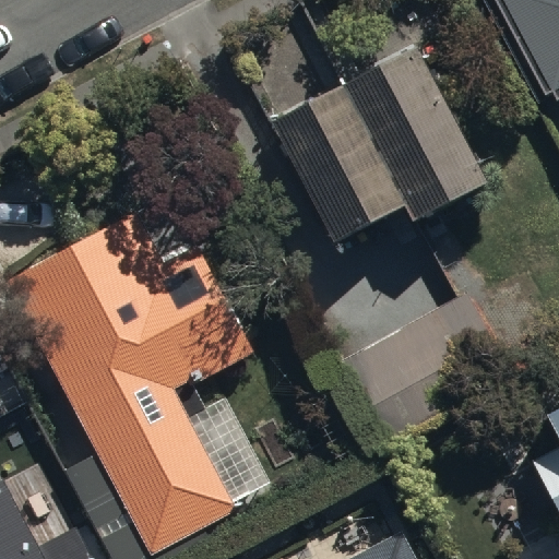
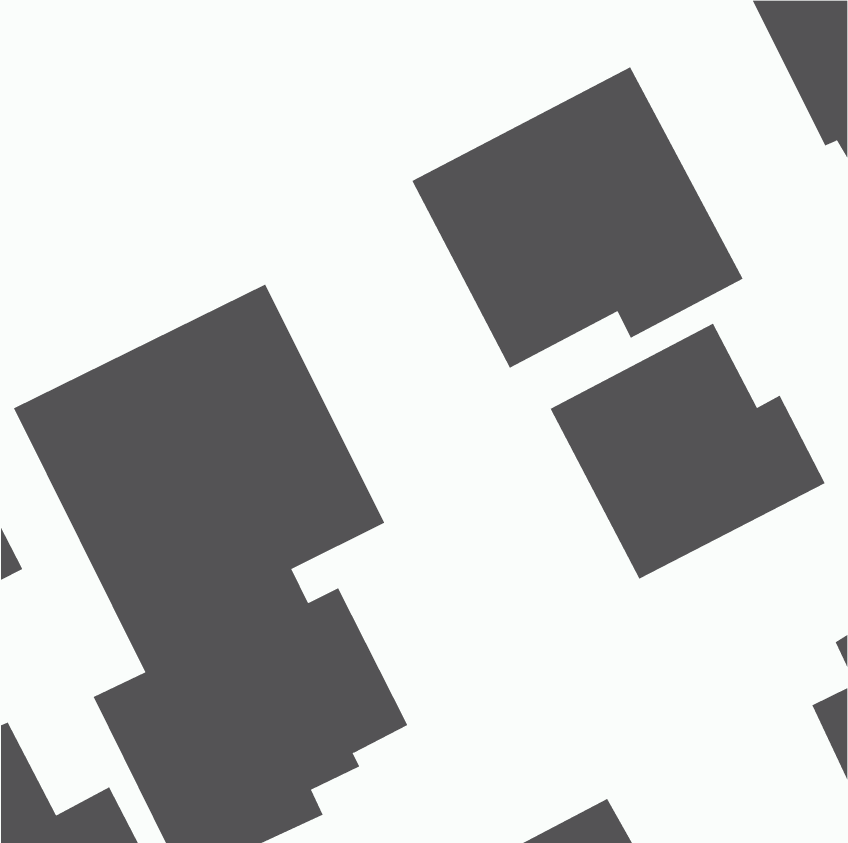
building: none -> [550,323,826,579]

